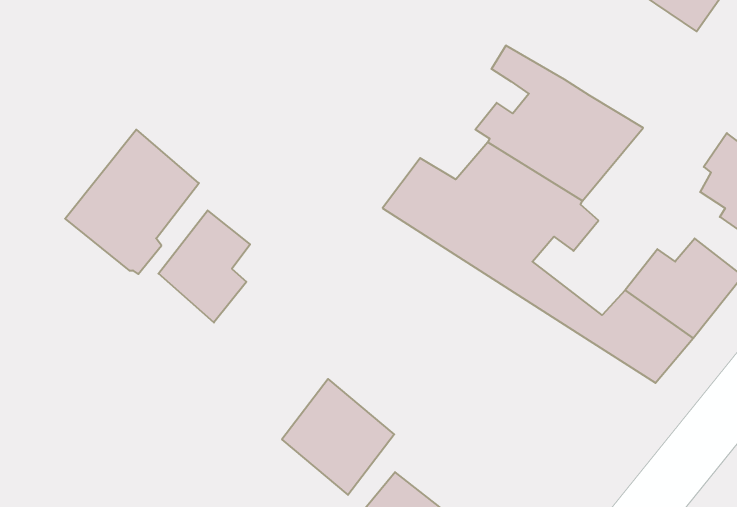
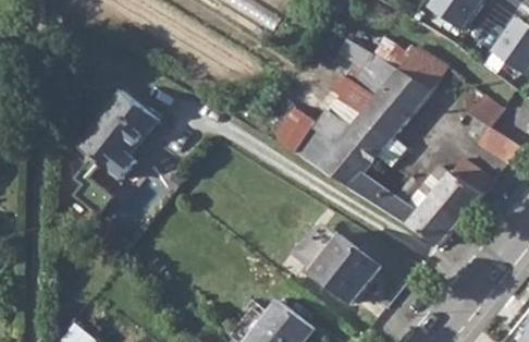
building: none -> [397,46,446,88]
building: [158,210,250,323] -> none
building: [282,379,394,495] -> [311,232,380,303]

